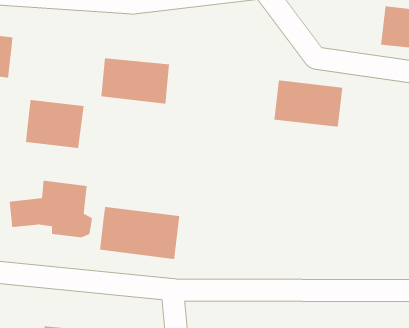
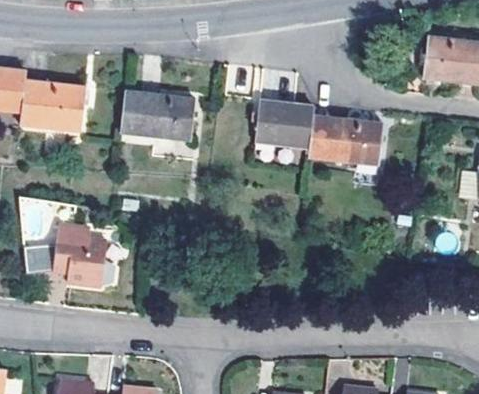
building: none -> [254,100,313,149]
building: [25,99,84,149] -> [20,78,84,131]
building: [99,206,180,260] -> none

